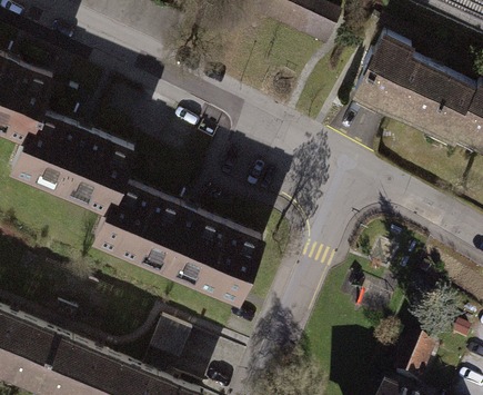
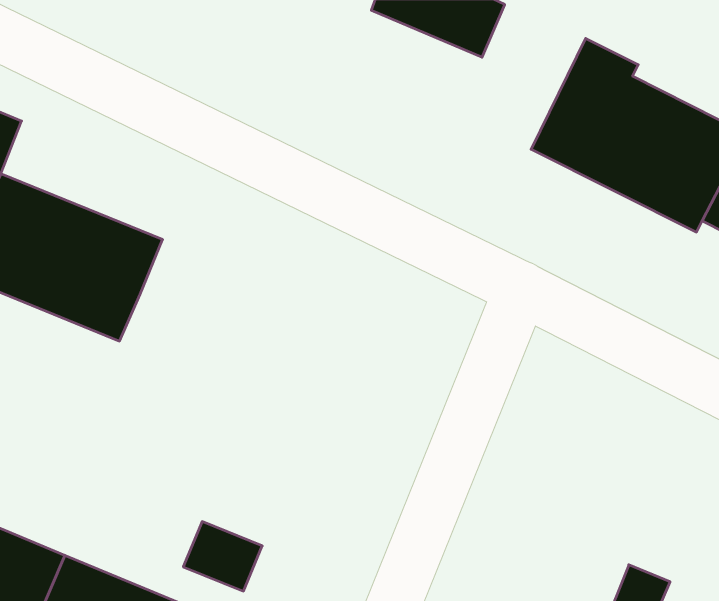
building: [94,177,263,297] -> none

